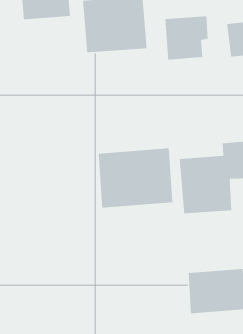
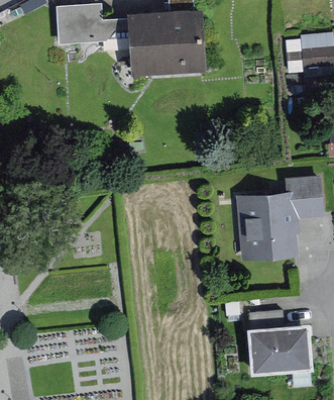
building: [165,16,209,60] -> none
building: [98,148,173,209] -> none

